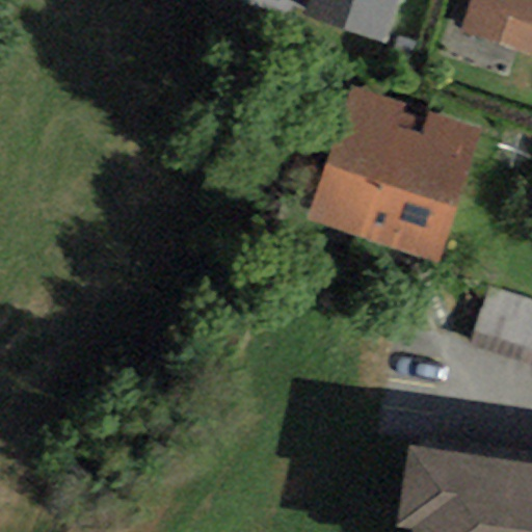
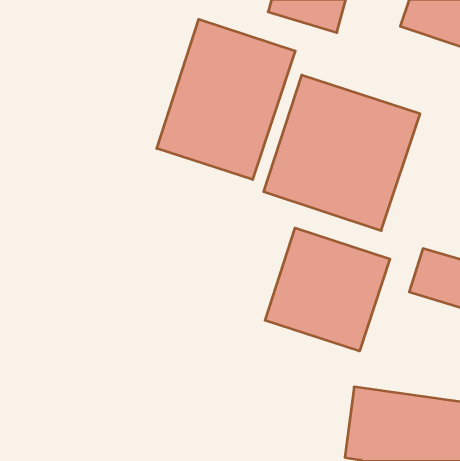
building: none -> [157,19,295,180]
building: none -> [265,228,390,351]

